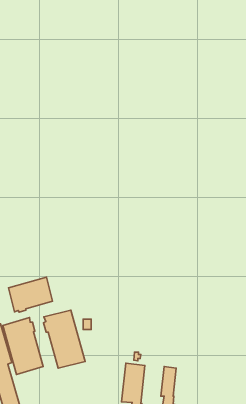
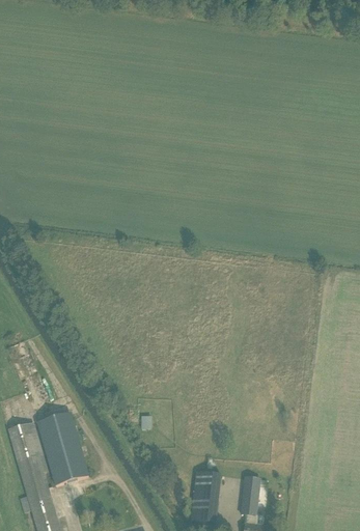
building: [8,277,53,312] -> none
building: [44,310,85,368] -> none

